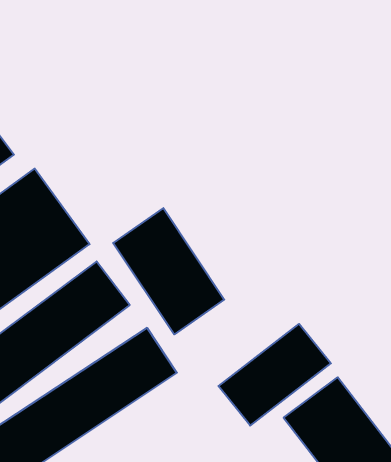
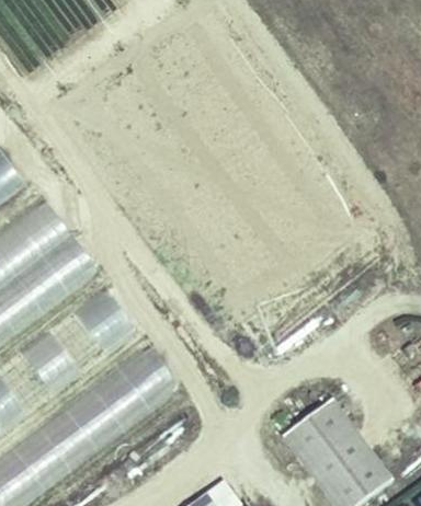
building: [113,208,224,334] -> none
building: [218,324,331,426] -> none

